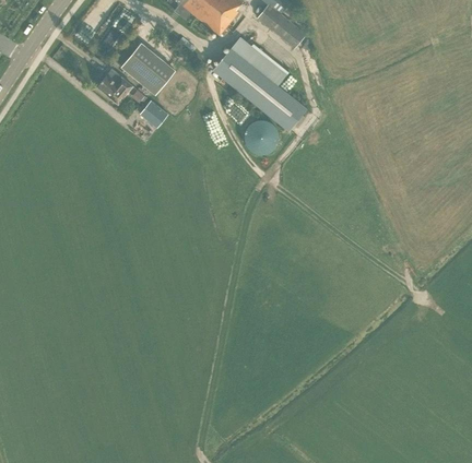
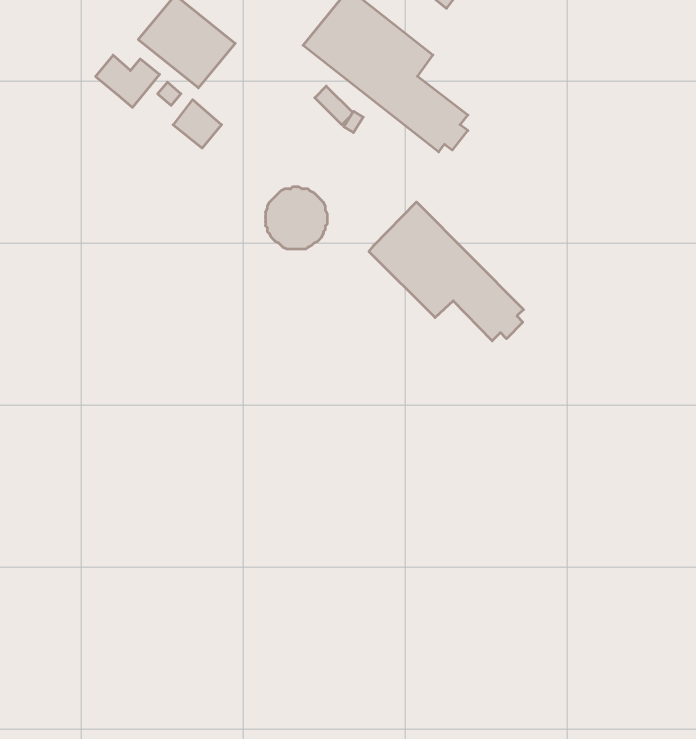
building: [241,119,276,154] -> [265,187,327,249]
building: none -> [369,202,524,341]

